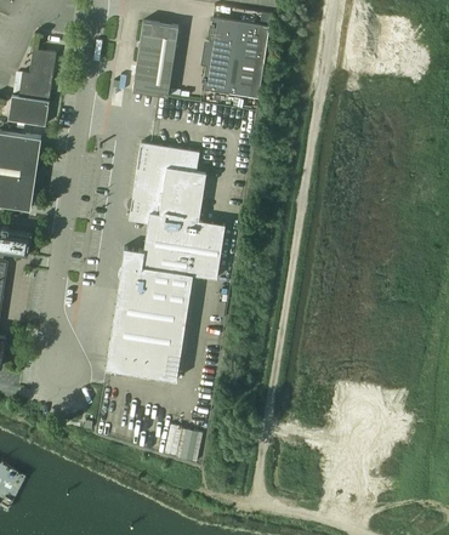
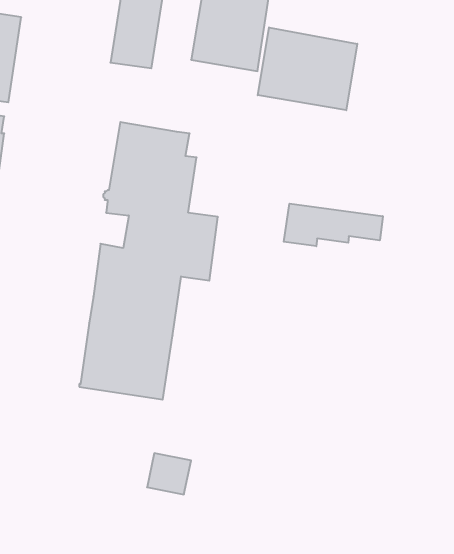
building: none -> [258,27,357,110]
building: none -> [284,204,383,246]

